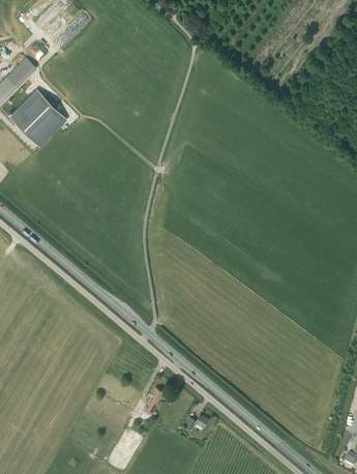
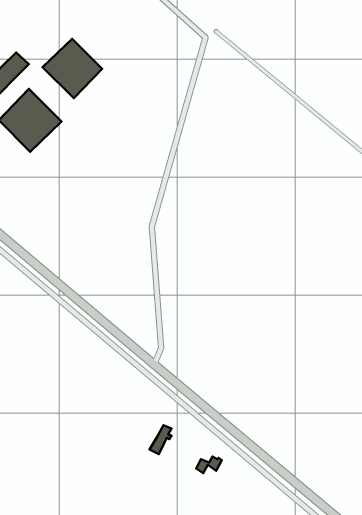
building: none -> [43,39,102,98]

